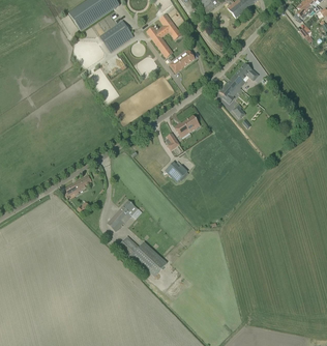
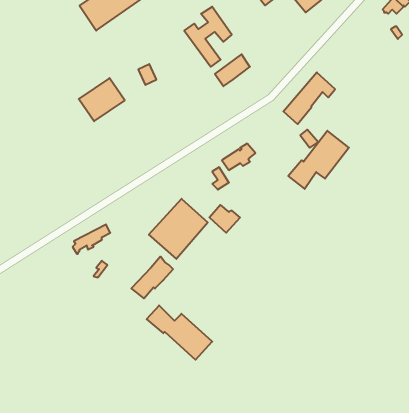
building: [99,20,133,52] -> [79,78,125,121]
building: none -> [288,131,349,189]
building: none -> [149,199,208,259]

